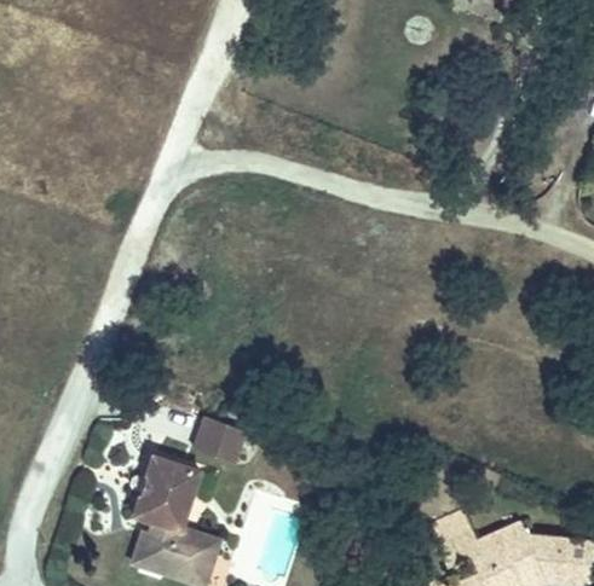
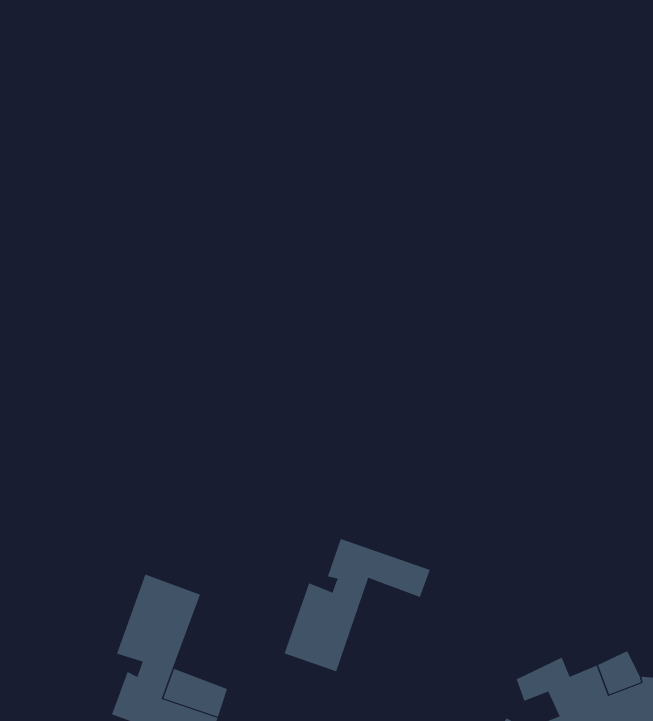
building: [200,420,252,468] -> none
building: none -> [284,538,431,672]

